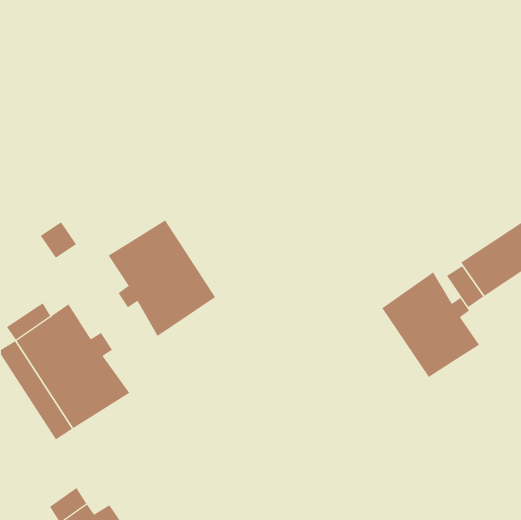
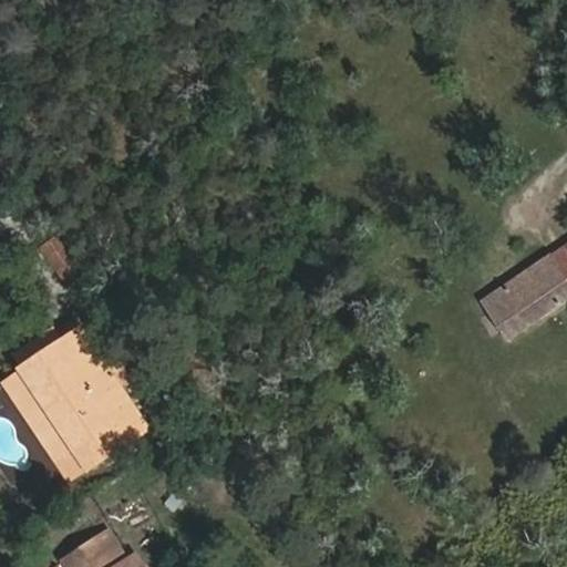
building: [108,220,216,337] -> none
building: [381,271,480,378] -> none

